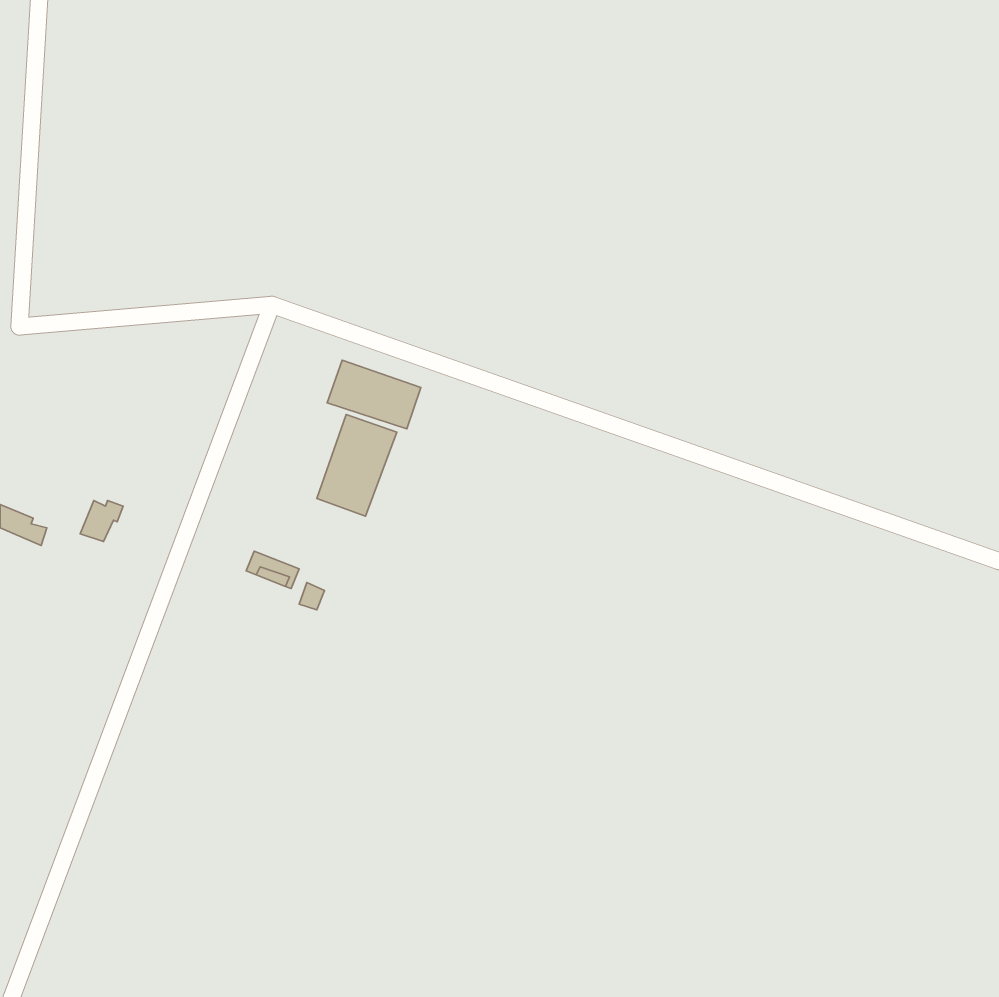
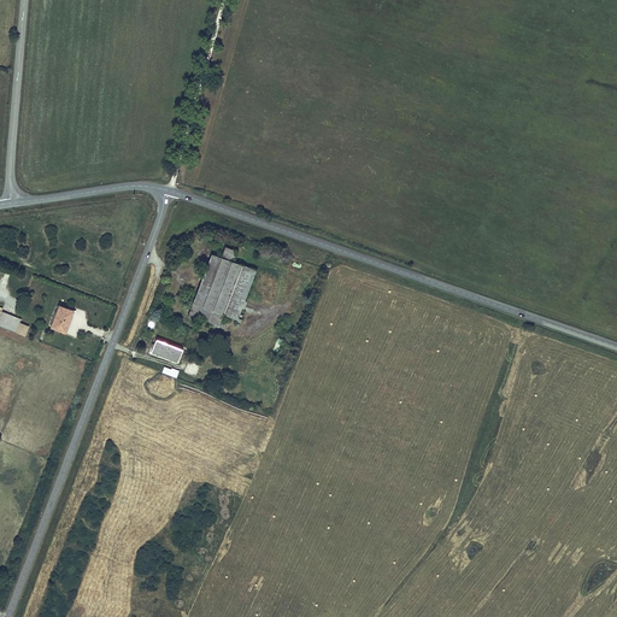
building: [327,360,421,429] -> none

